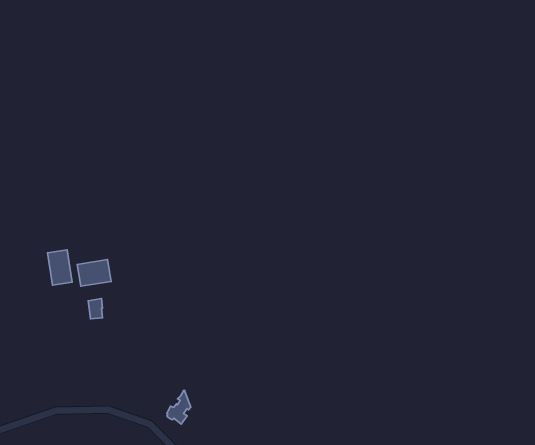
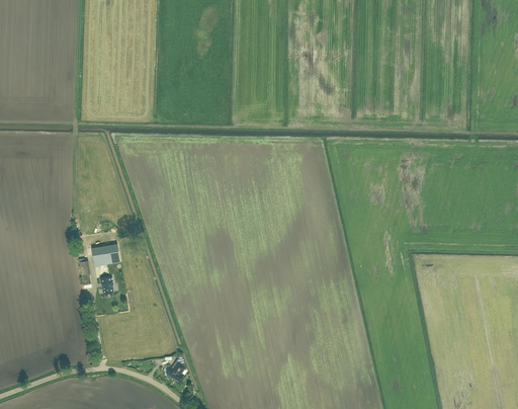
building: [47,250,72,285] -> none

